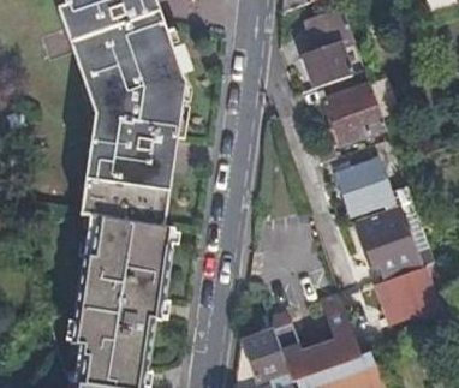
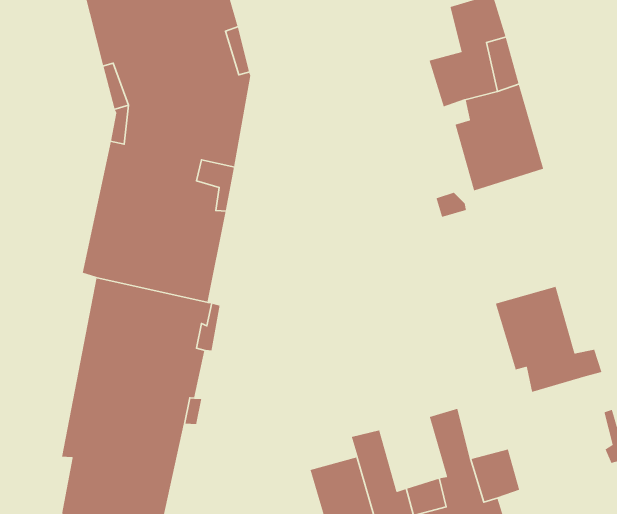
building: [334,157,391,213] -> none
building: [377,261,439,317] -> none

